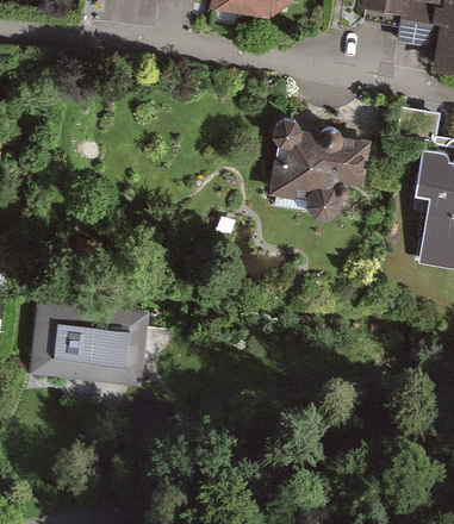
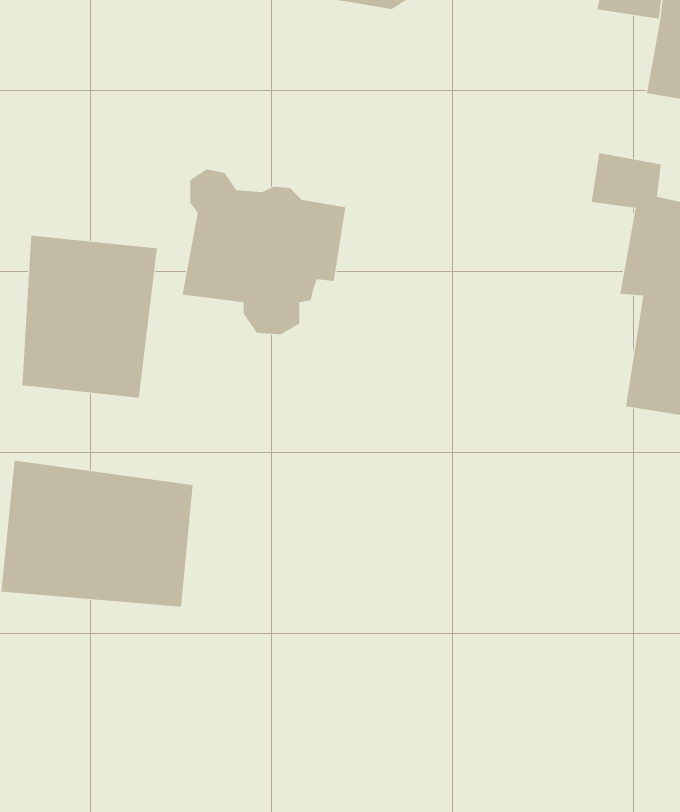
building: [269,114,372,218] -> [182,169,346,335]
building: none -> [22,235,158,398]

